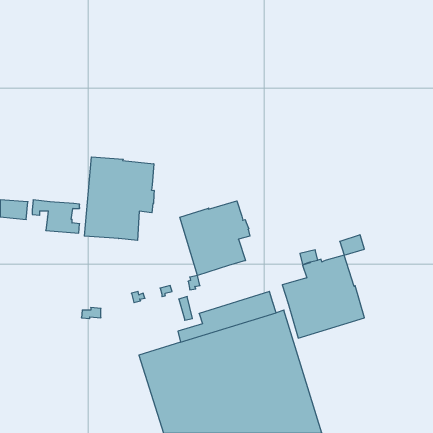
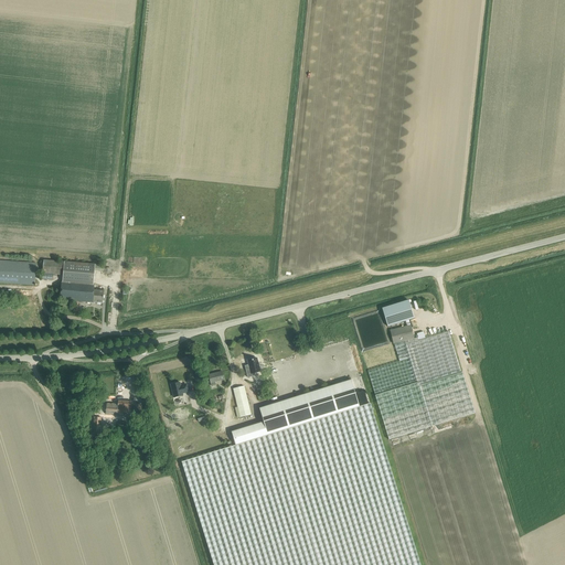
building: [84,157,154,240] -> none
building: [180,201,250,275] -> none
building: [340,235,364,255] -> [382,300,414,327]

